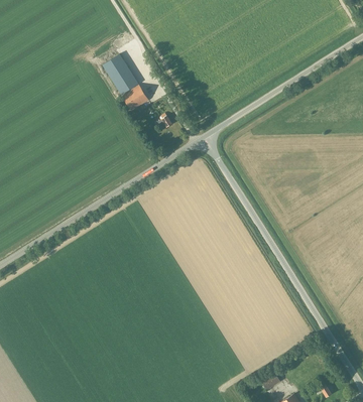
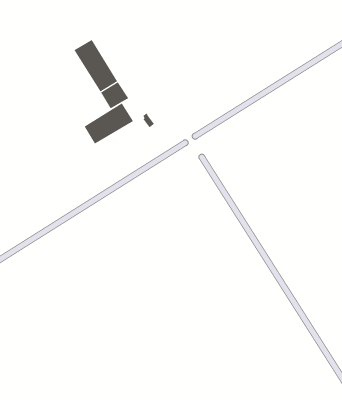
building: none -> [84,102,134,144]

